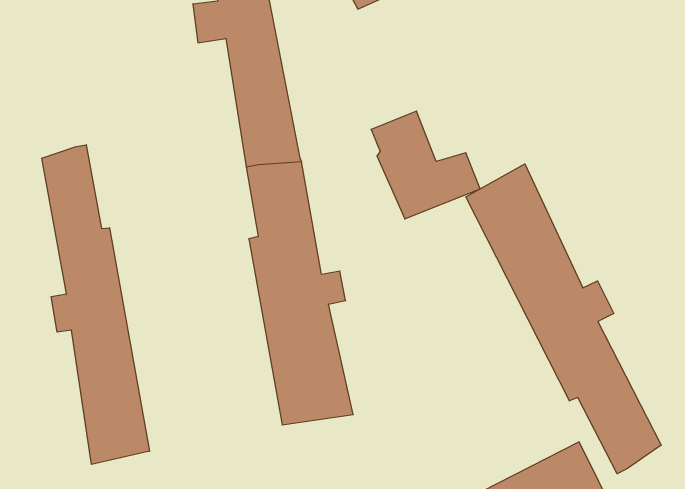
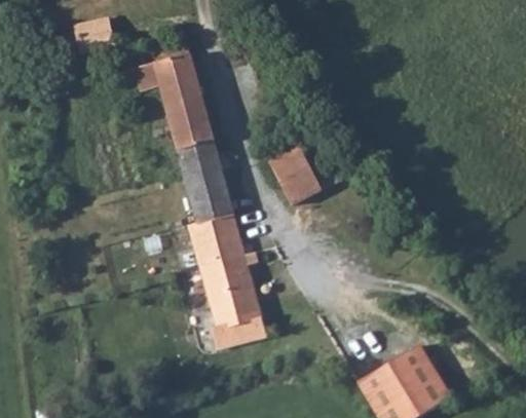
building: [42,145,150,464] -> none
building: [466,164,661,474] -> none

